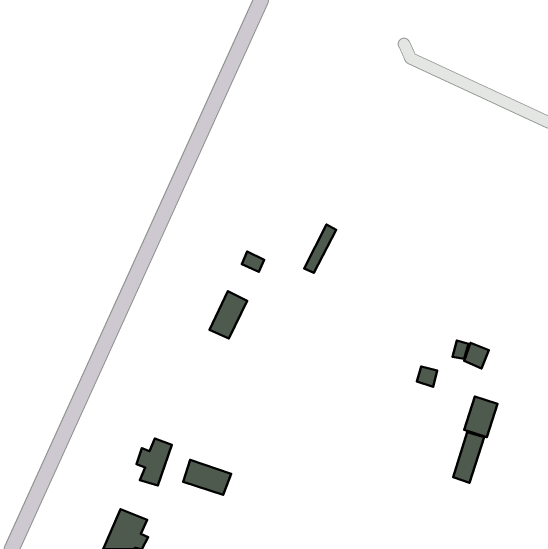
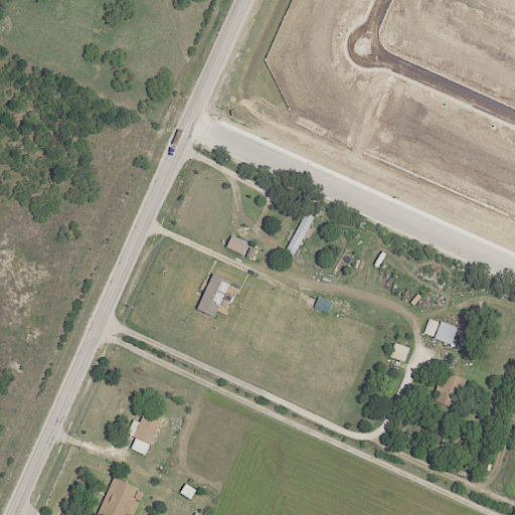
building: [453,432,484,483] -> none
building: [183,460,231,495] -> none

